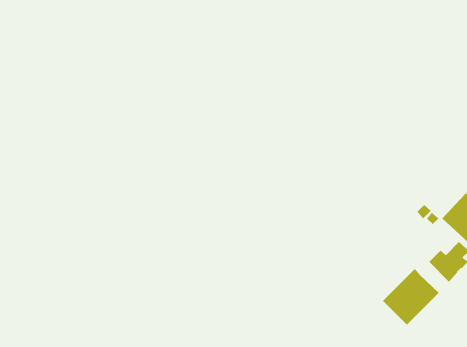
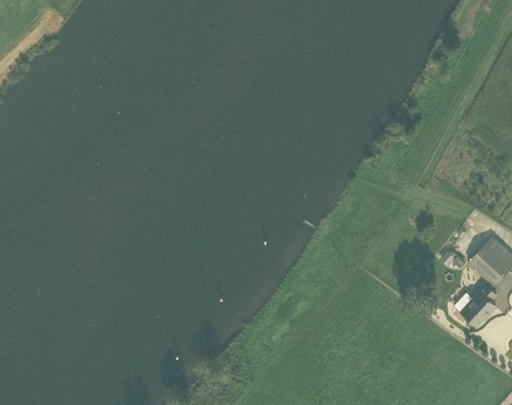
building: [382,268,439,325] -> none

